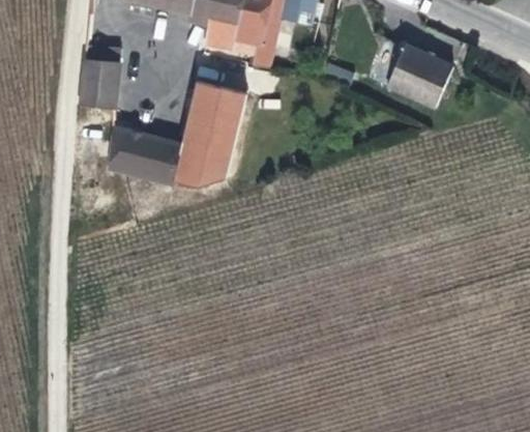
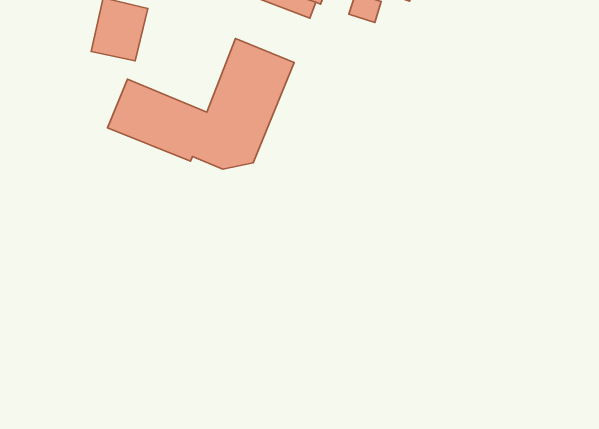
building: [367,39,454,108] -> none

